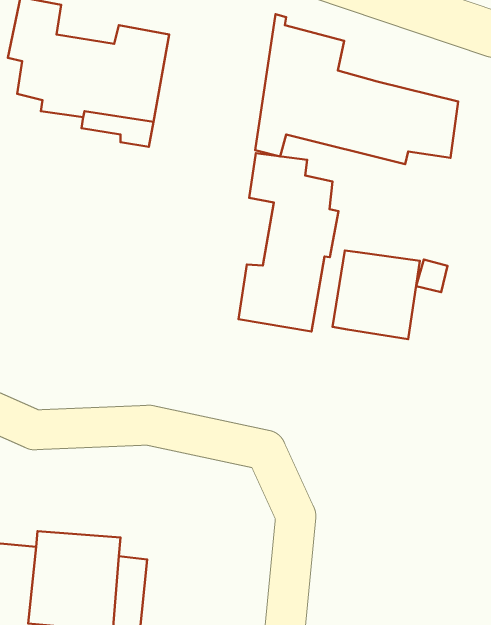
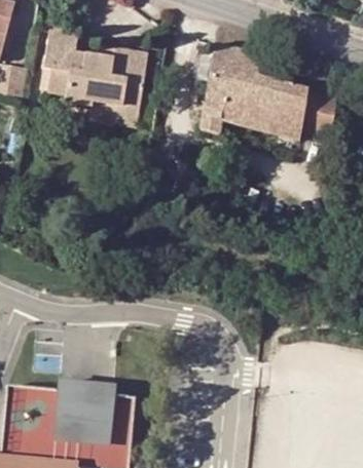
building: [238,153,338,332] -> none
building: [332,250,420,339] -> none

